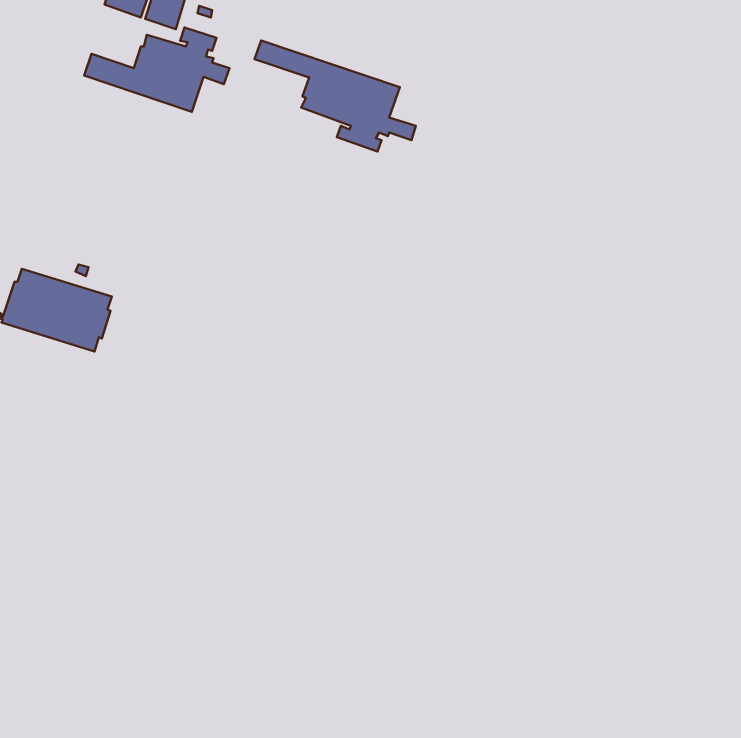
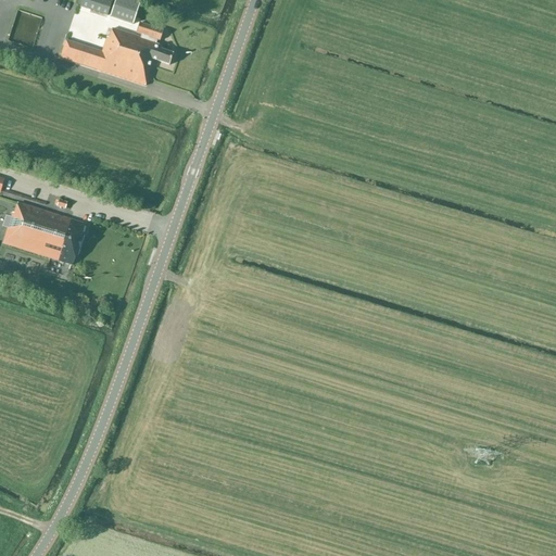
building: [255,40,416,151] -> none

